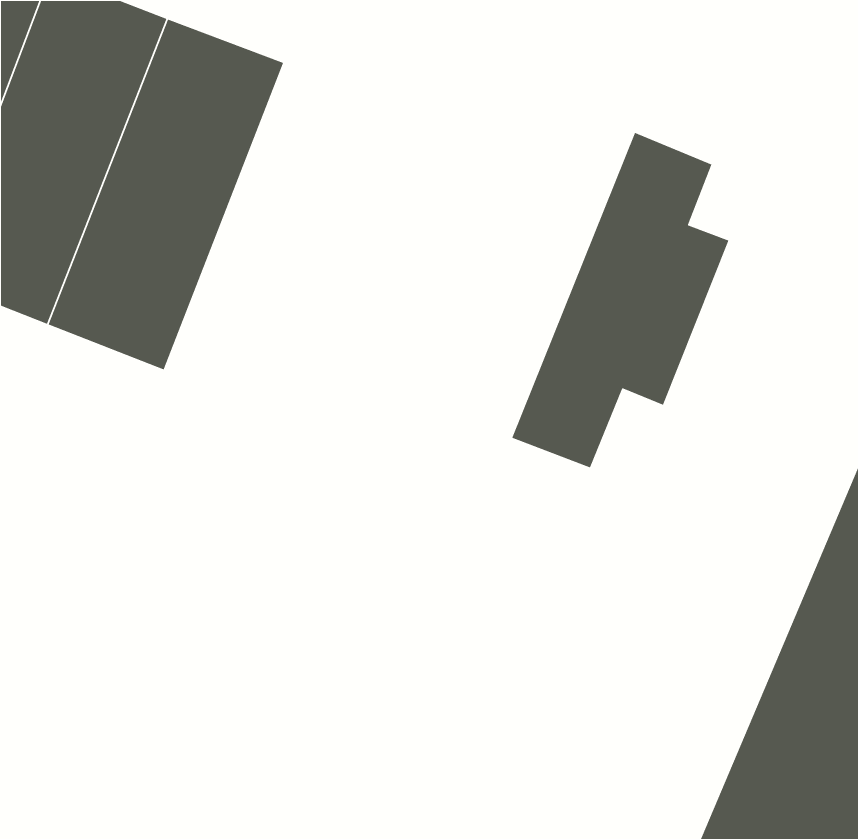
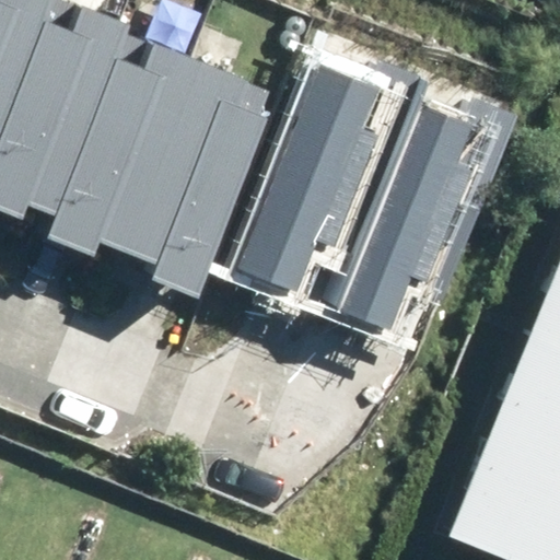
building: none -> [110,57,262,284]
building: none -> [230,66,371,283]

